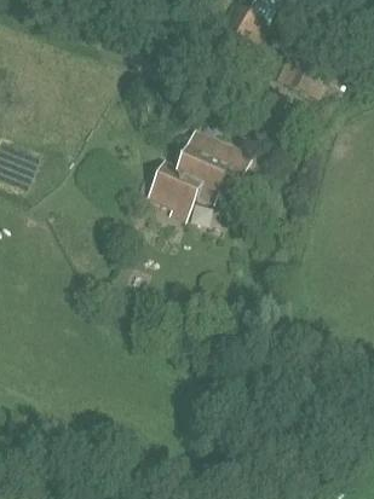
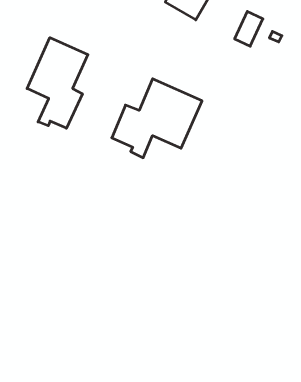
building: none -> [27,38,88,128]

